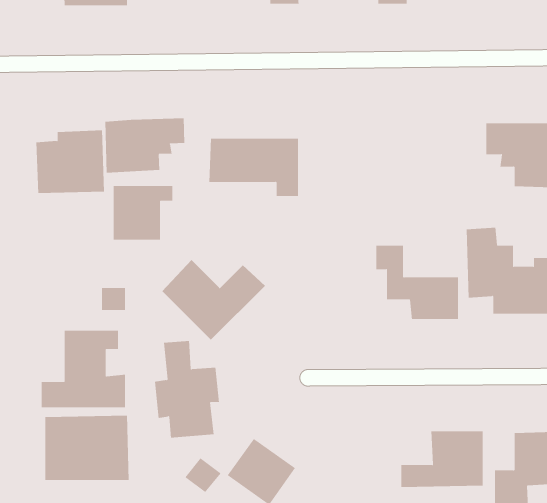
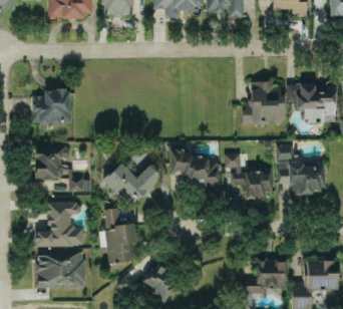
building: none -> [242,81,284,123]
building: [105,118,185,173] -> none
building: [209,138,299,197] -> [168,153,220,187]
building: [113,185,173,240] -> [35,147,69,179]

